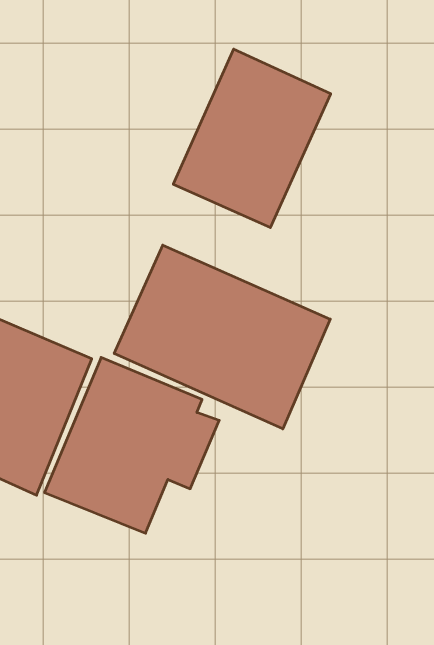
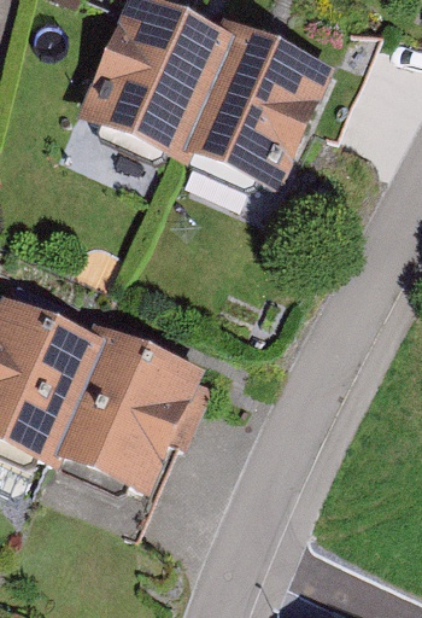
building: none -> [68,13,224,181]
building: [114,245,330,429] -> none

